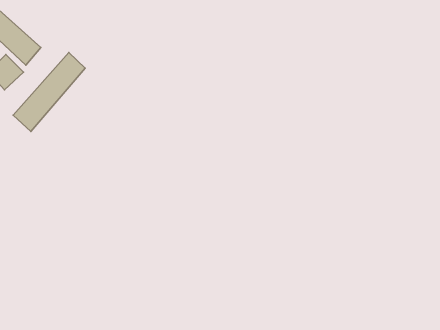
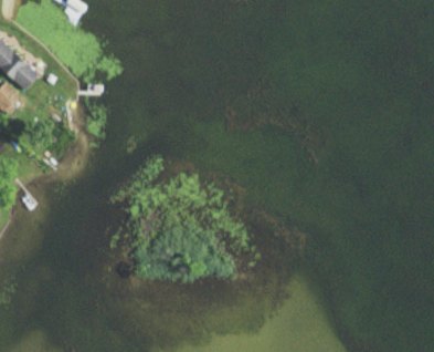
building: [13,53,85,132] -> none

